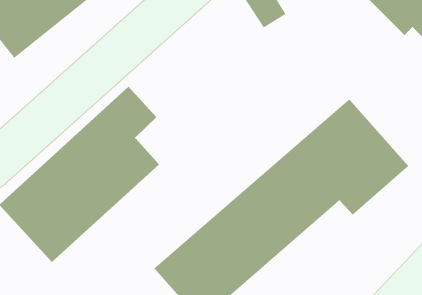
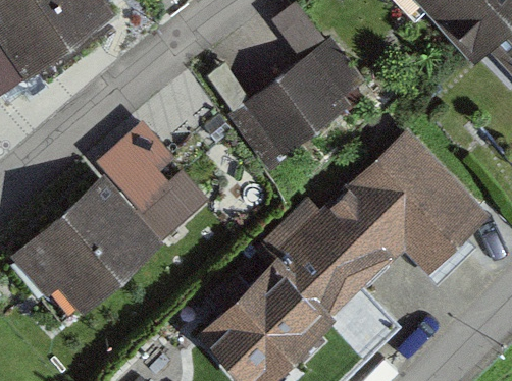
building: none -> [233,42,372,169]

